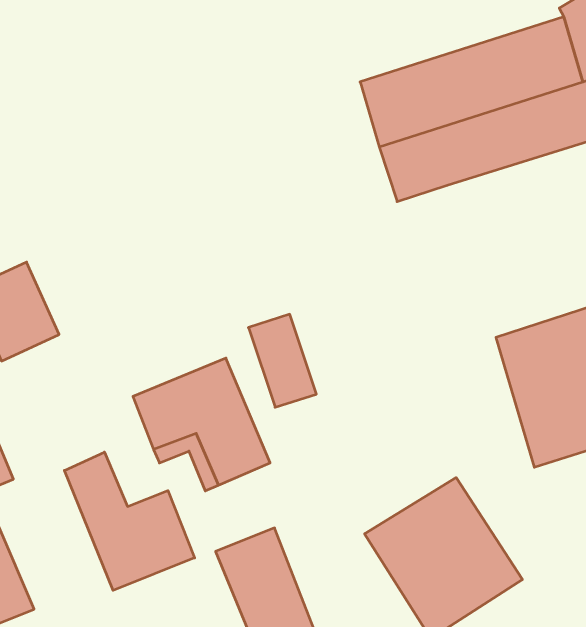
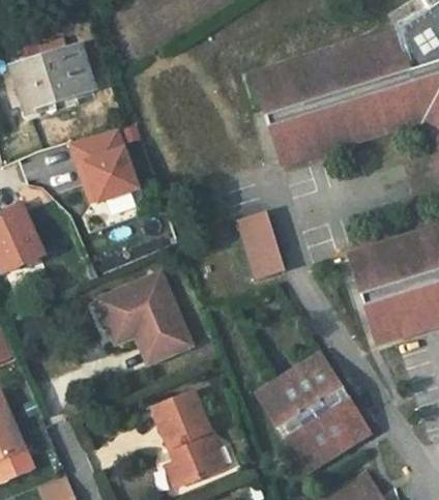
building: none -> [13,45,93,115]
building: none -> [70,130,139,208]
building: [248,314,316,407] -> [237,211,285,276]
building: [64,452,195,590] -> none

